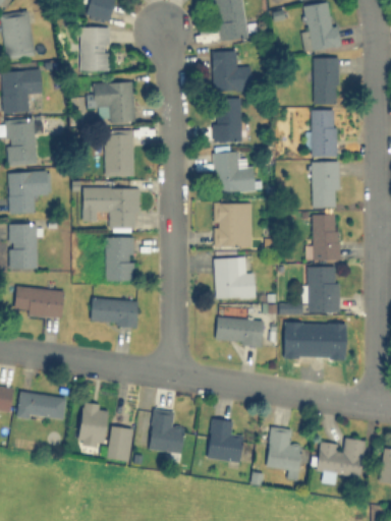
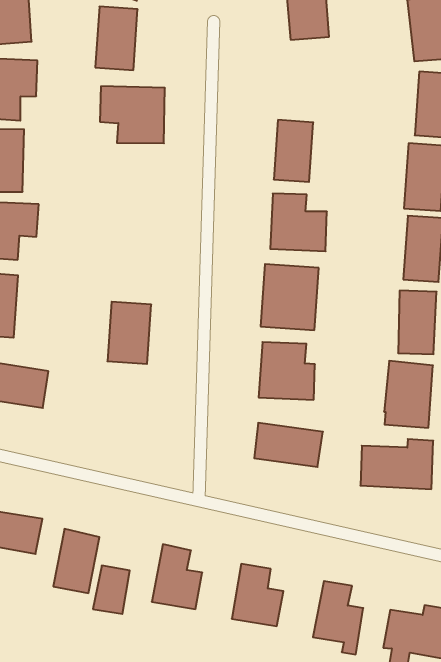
building: [213,51,250,91] -> none
building: [106,130,133,174] -> none
building: [81,186,137,229] -> none
building: [91,298,136,325] -> none

